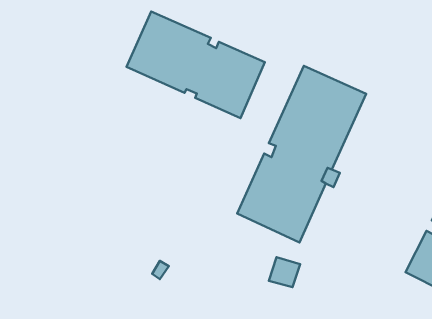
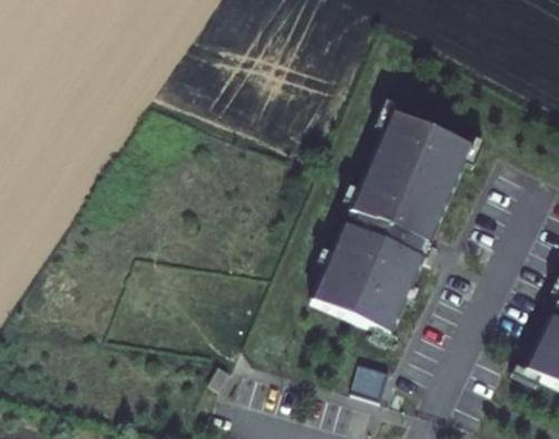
building: [126,11,265,118] -> none

